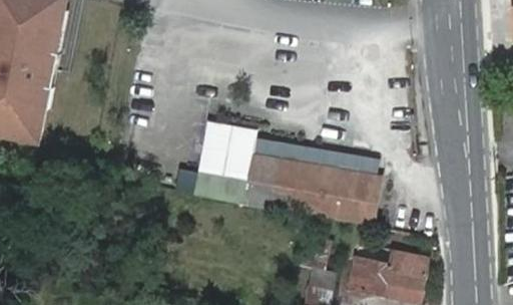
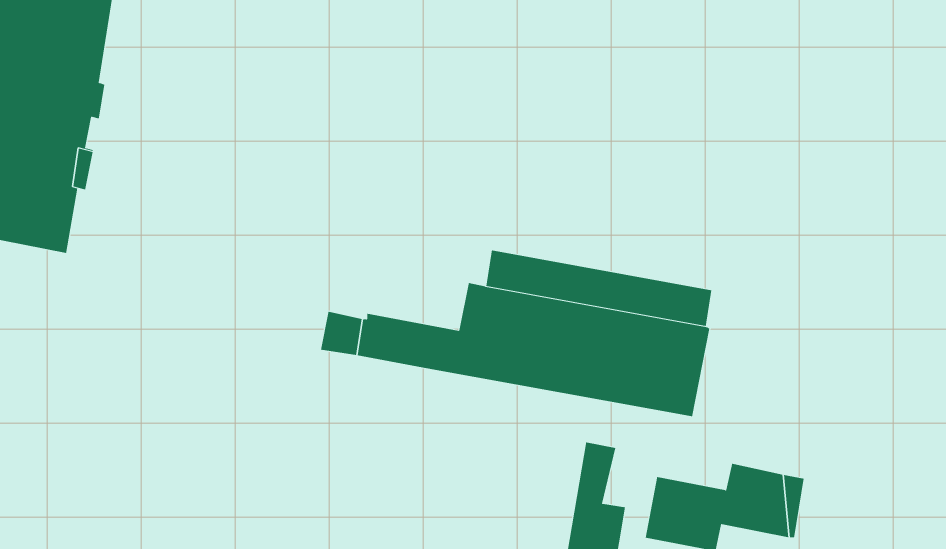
building: [197,120,255,180] -> none

